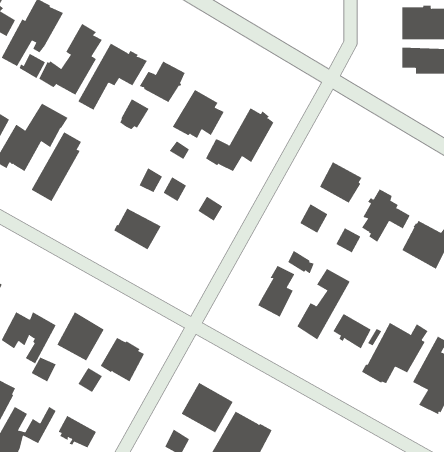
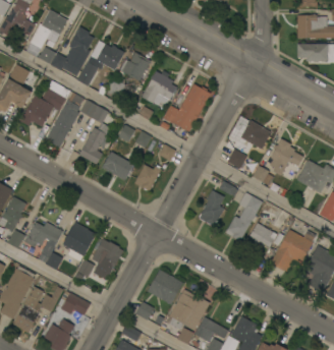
building: none -> [78,100,109,164]
building: none -> [133,165,161,191]

